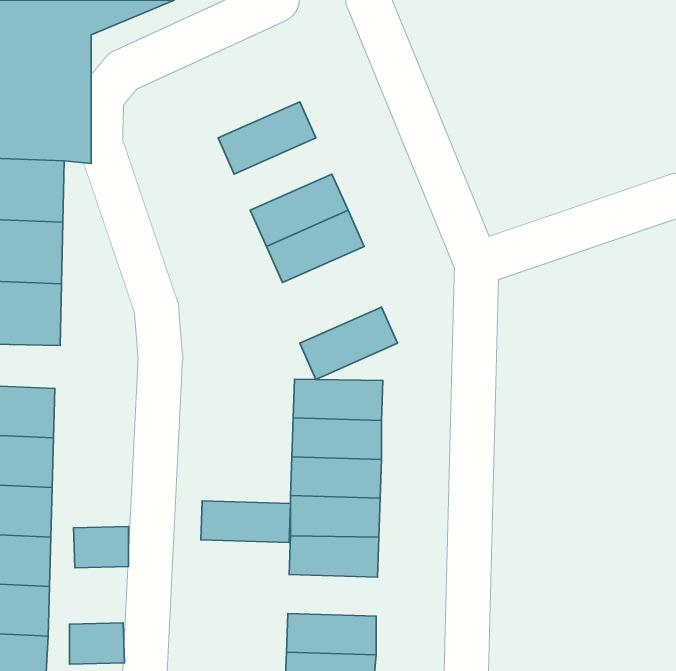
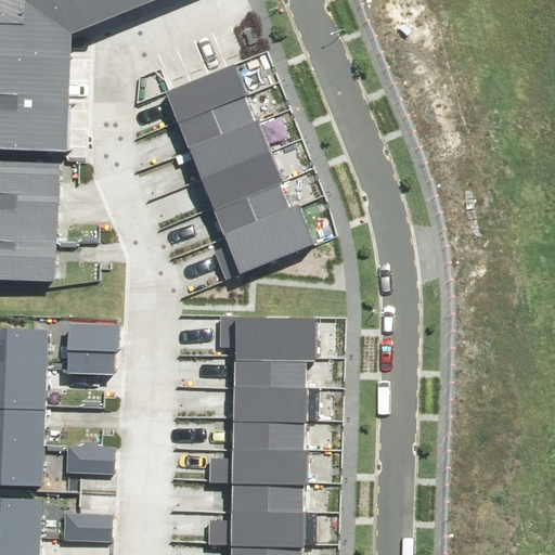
building: none -> [164,63,243,122]
building: none -> [190,122,269,181]
building: [300,307,398,379] -> [229,210,308,269]
building: none -> [67,320,112,372]
building: [201,501,290,542] -> [233,476,306,509]

